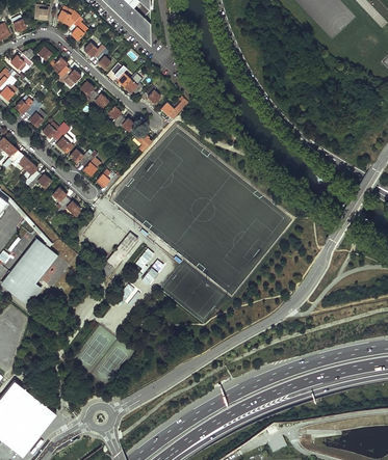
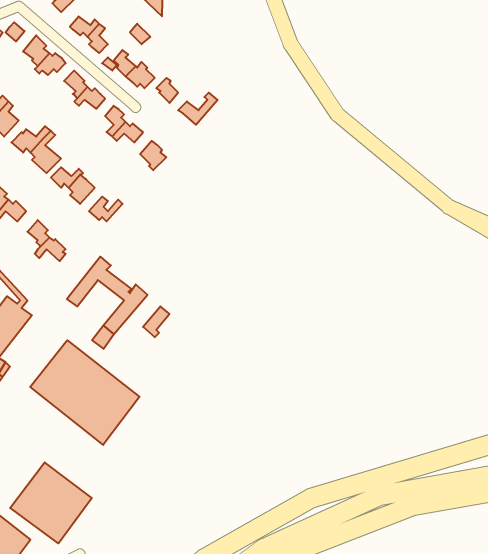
building: none -> [30,340,140,445]
building: none -> [10,462,92,543]

